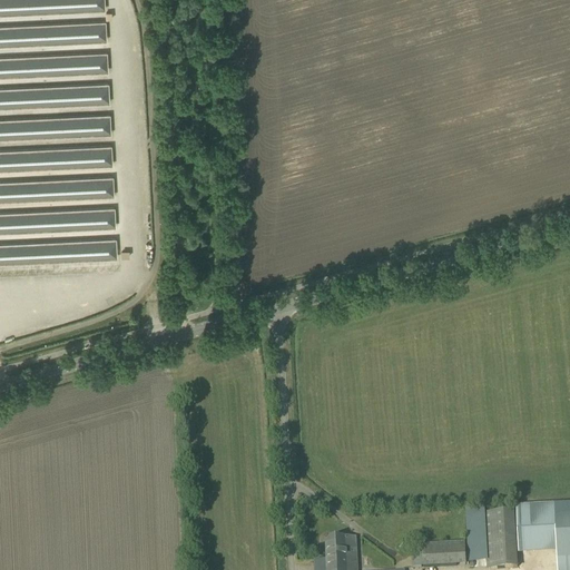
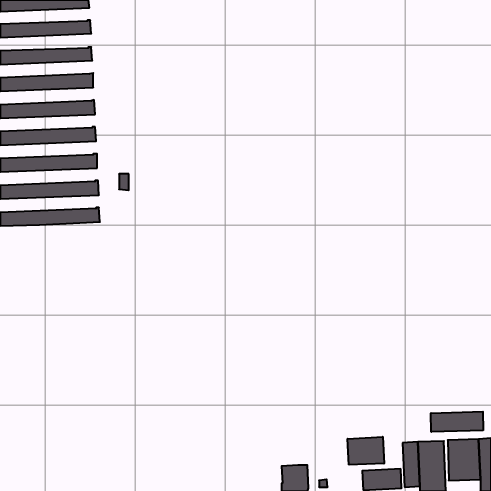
building: none -> [431,412,483,432]
building: none -> [348,437,384,465]

